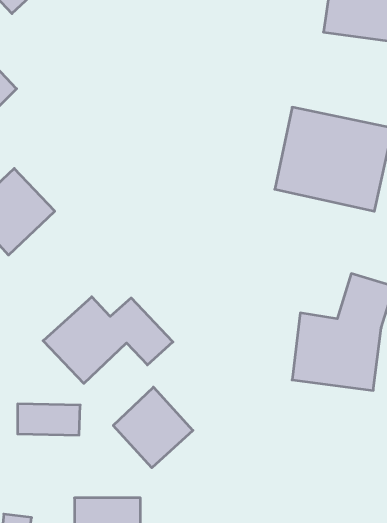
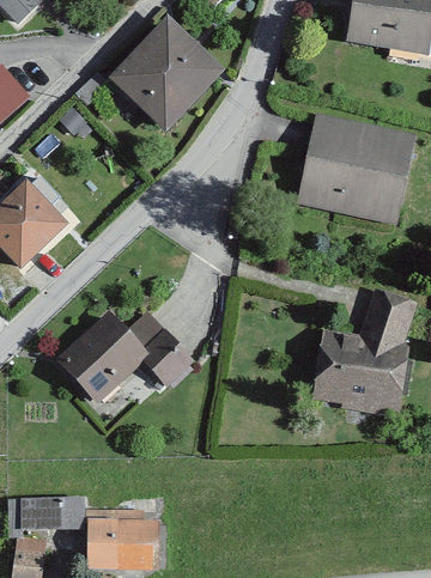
building: none -> [108,17,223,132]
building: [113,387,193,468] -> none
building: [18,404,80,435] -> [19,497,84,529]

